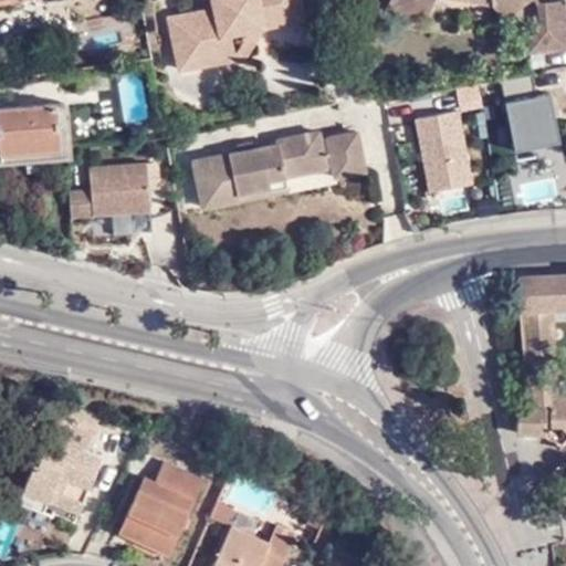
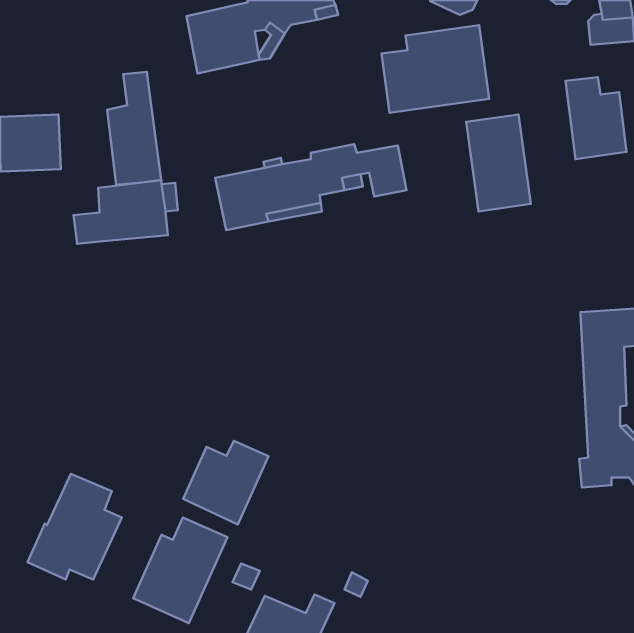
building: none -> [382,25,489,113]
building: none -> [107,72,161,185]
building: none -> [183,441,269,524]

